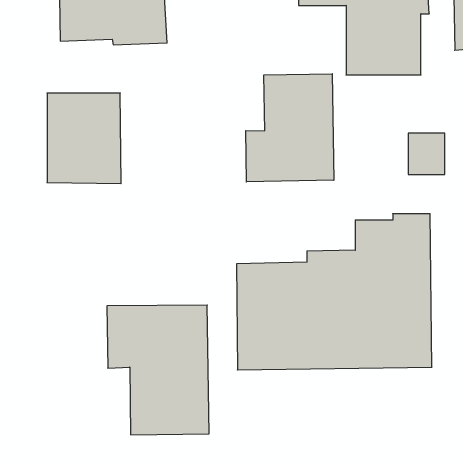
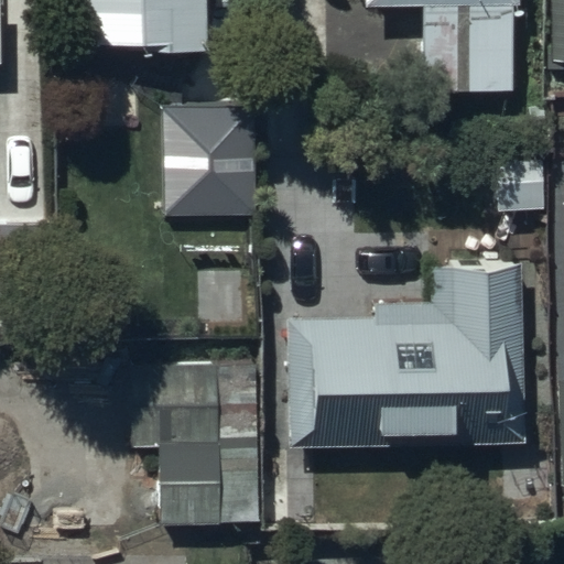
building: [246,74,334,182] -> none
building: [47,93,121,184] -> [165,102,254,212]

